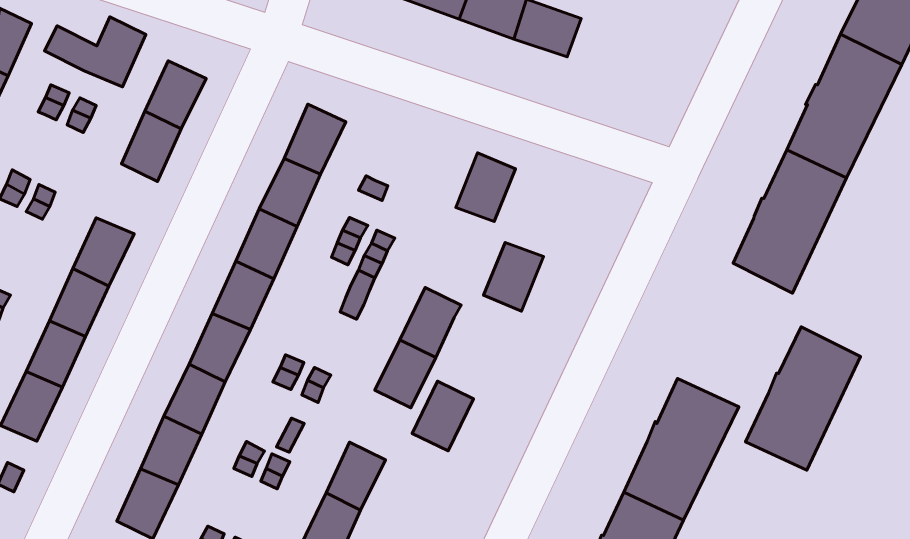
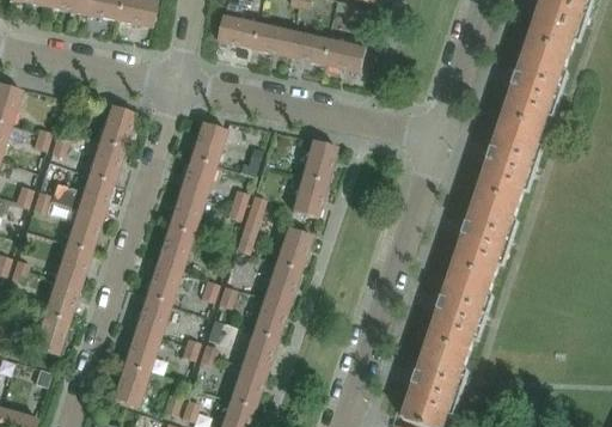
building: [45,17,146,87] -> [50,173,112,216]
building: [483,243,543,311] -> [292,176,326,218]
building: [745,327,860,470] -> [453,190,519,280]
building: [412,381,473,451] -> [252,297,288,340]

